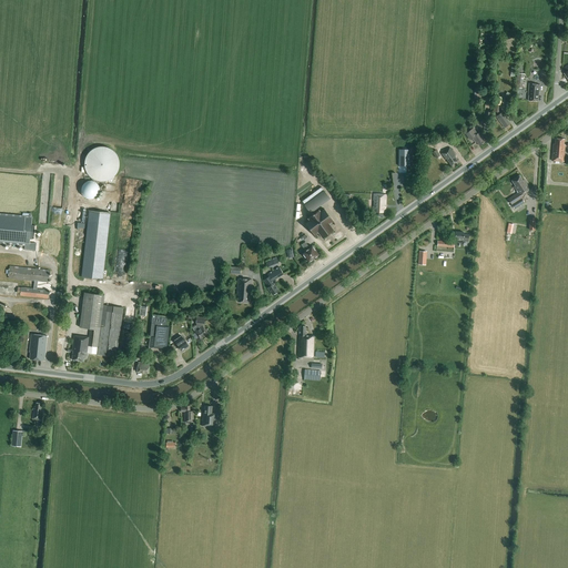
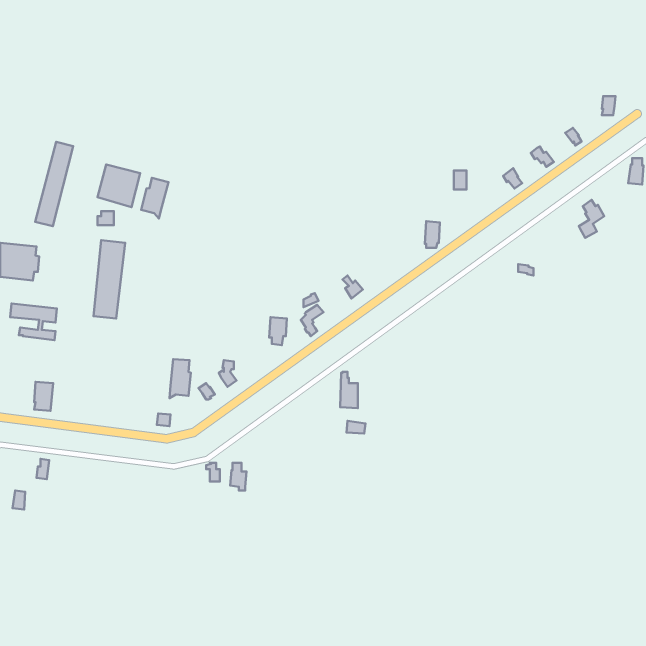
building: none -> [35,142,73,226]
building: none -> [141,178,168,219]
building: [302,187,334,239] -> none
building: [72,293,123,362] -> none

